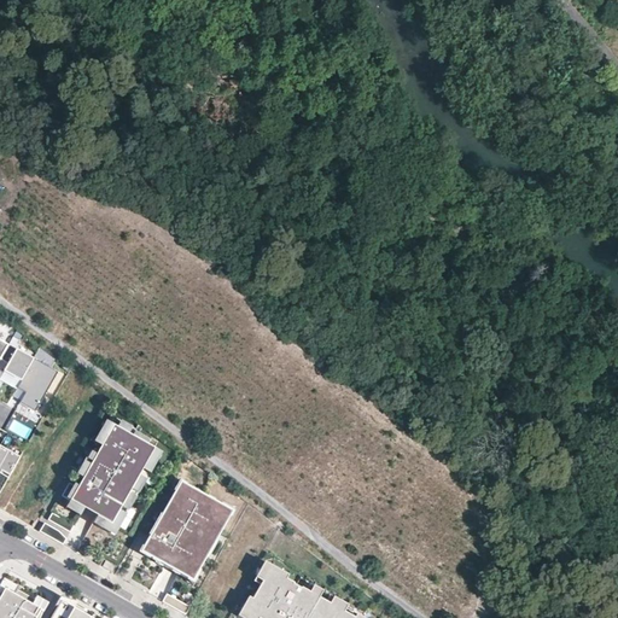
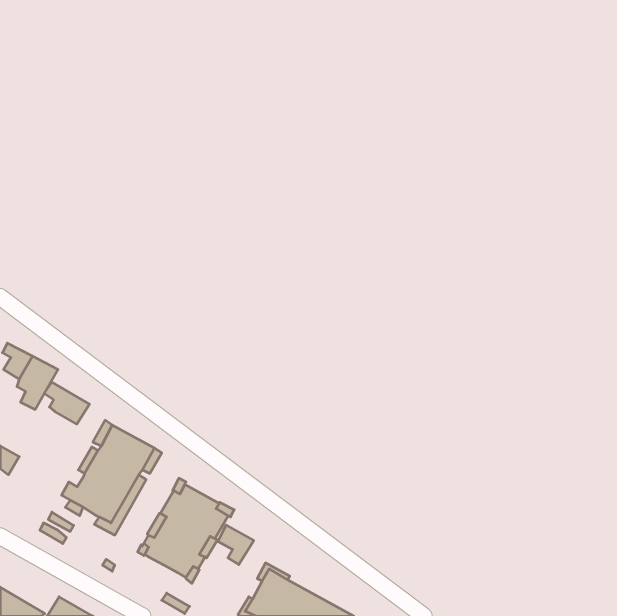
building: none -> [44,382,89,424]
building: none -> [218,525,254,565]

